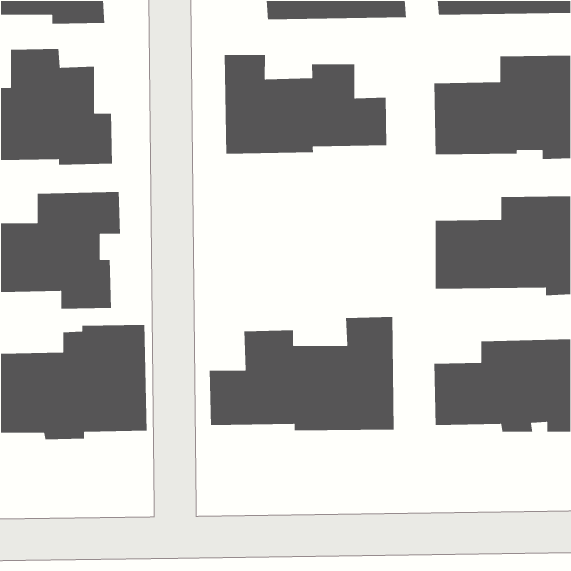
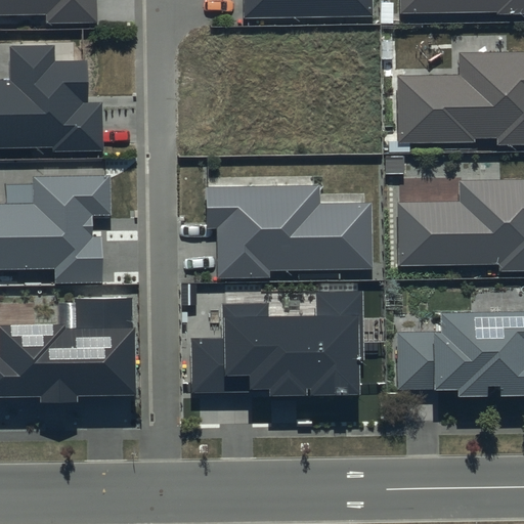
building: [224,54,387,155] -> none
building: none -> [207,185,373,278]

